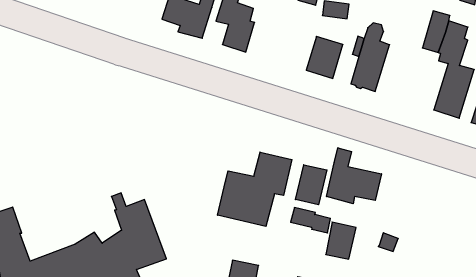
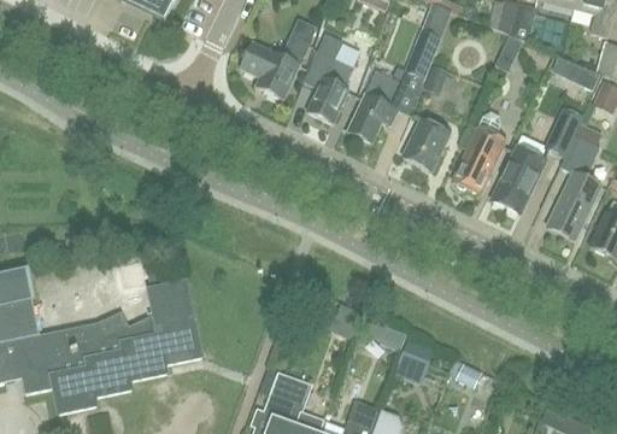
building: none -> [347,71,407,141]
building: none -> [490,143,546,211]
building: [327,148,381,204] -> none
building: [218,152,292,226] -> none
building: [295,165,327,205] -> none

